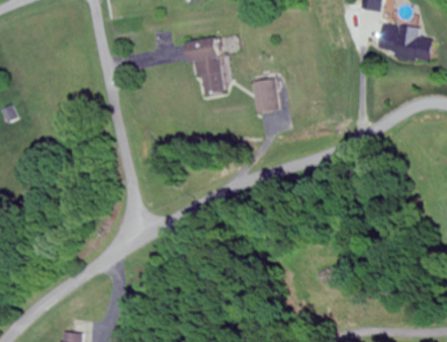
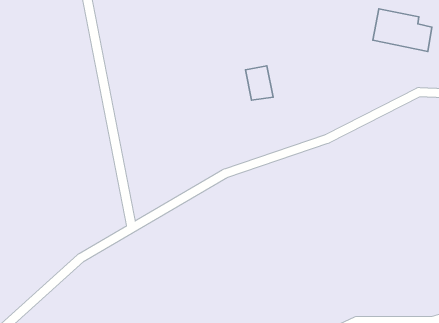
building: [185,37,225,94] -> none

